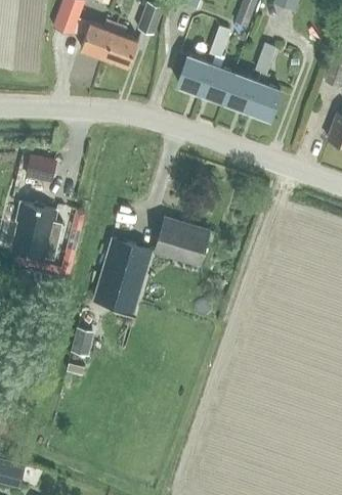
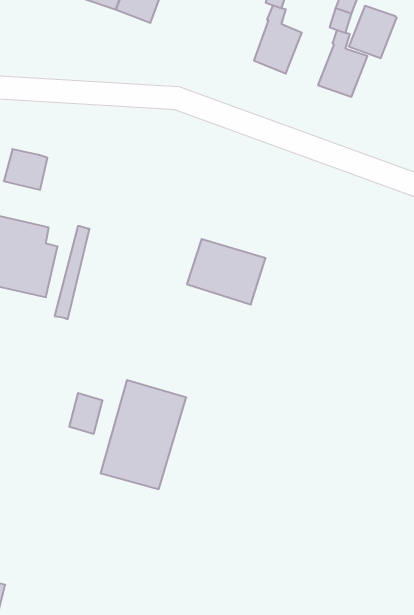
building: [177,57,211,94] -> none
building: [223,75,257,111] -> [349,6,397,58]
building: [91,237,152,314] -> [101,380,186,489]

